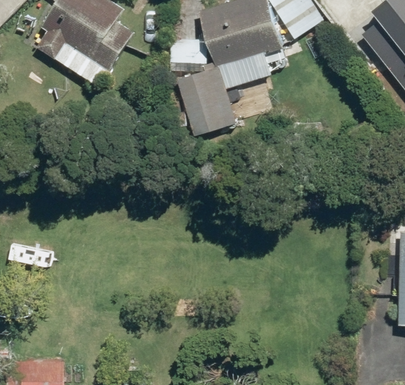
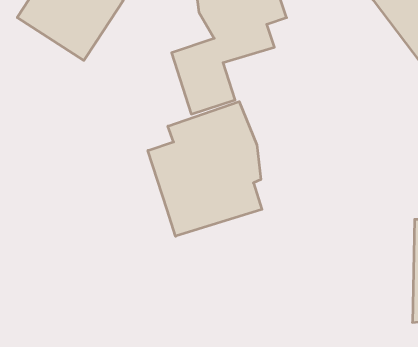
building: none -> [148,102,262,236]

